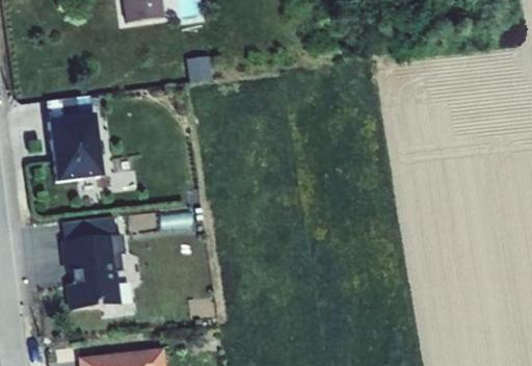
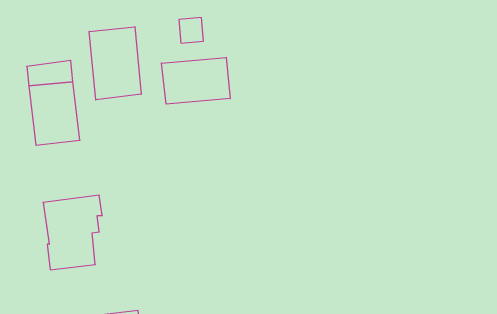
building: none -> [89,27,141,100]
building: none -> [161,57,230,104]

